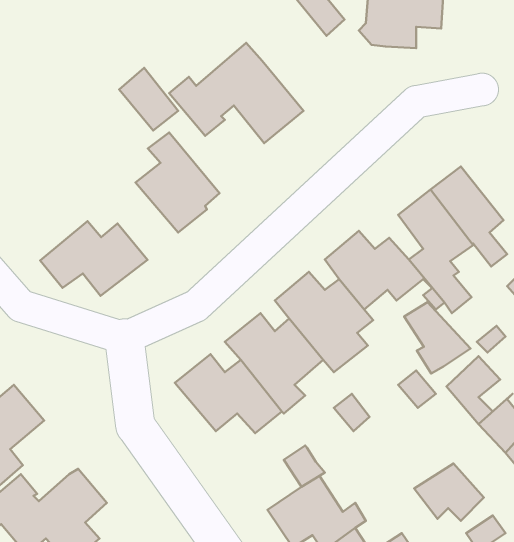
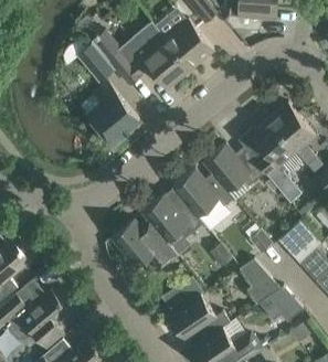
building: none -> [166,20,214,70]
building: [40,221,147,296] -> none
building: [404,302,470,374] -> [240,259,281,304]

